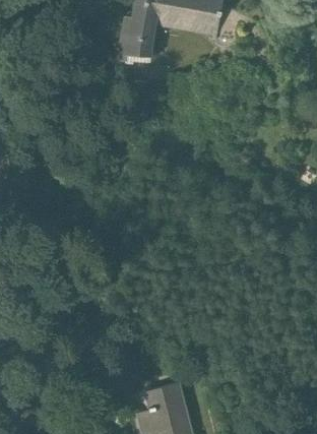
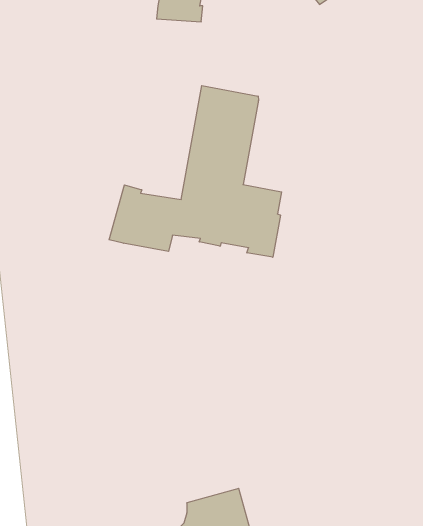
building: none -> [109,86,282,257]

